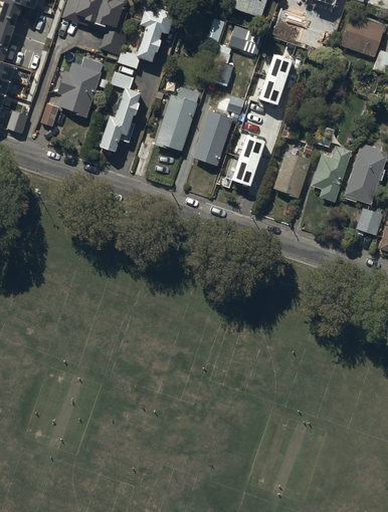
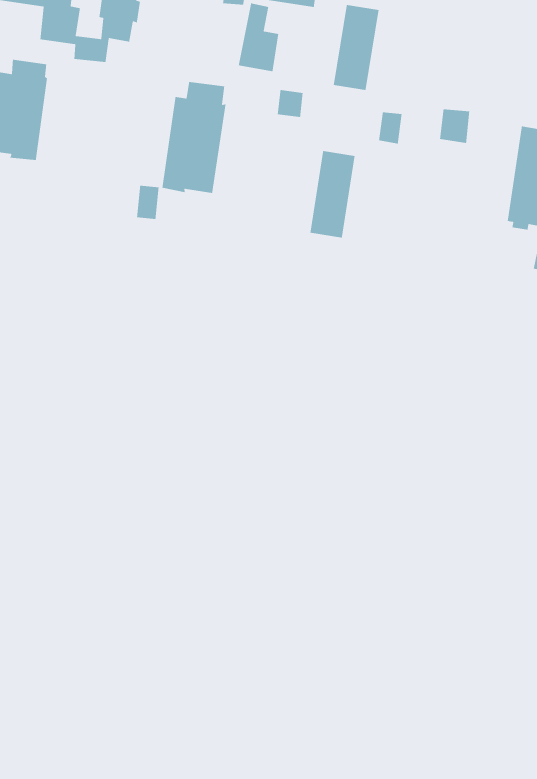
building: [98,71,139,149] -> none
building: [192,109,231,165] -> none
building: [311,145,351,201] -> none
building: [273,151,310,197] -> none

